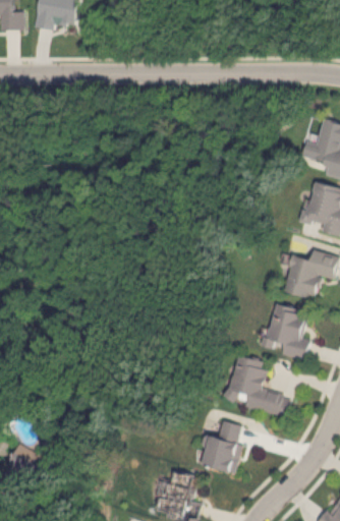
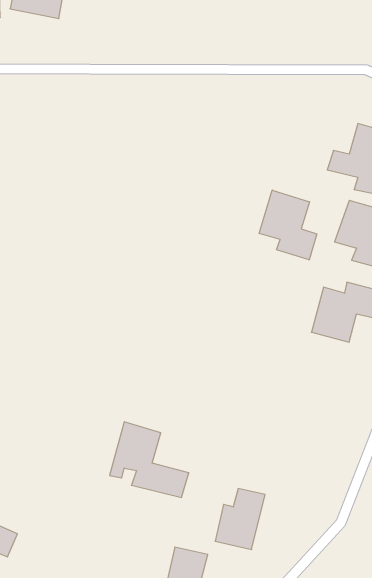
building: none -> [259,190,317,260]
building: [265,302,309,358] -> none
building: [226,353,292,416] -> [110,422,189,497]

